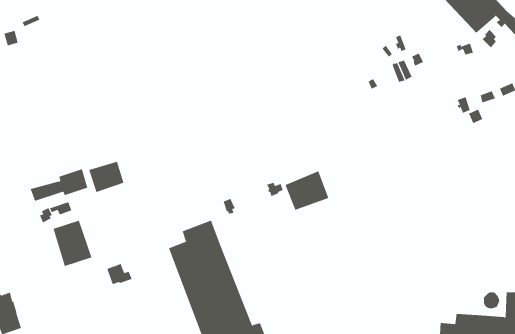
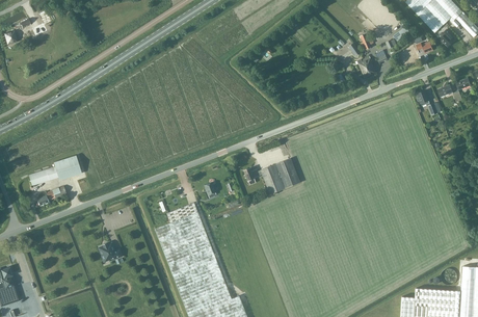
building: [88,161,124,193] -> none
building: [52,220,92,267] -> none

